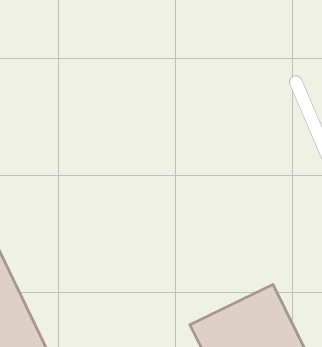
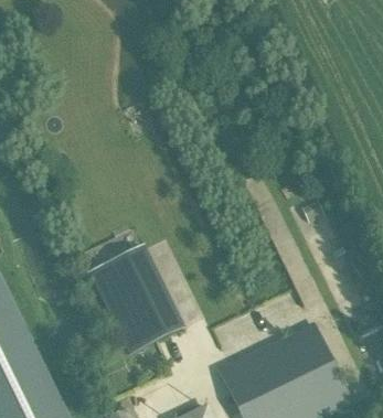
building: none -> [91,247,183,352]

